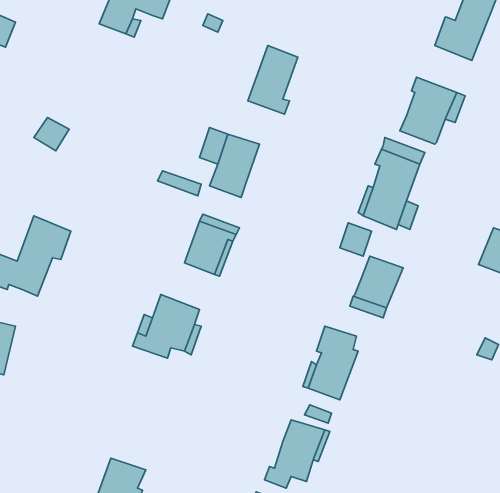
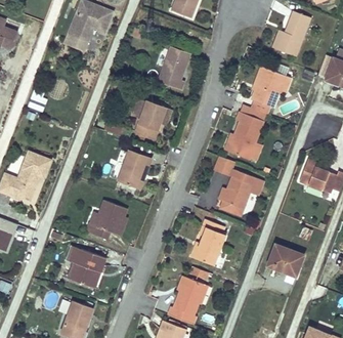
building: none -> [266,245,303,277]
building: none -> [72,249,109,288]

